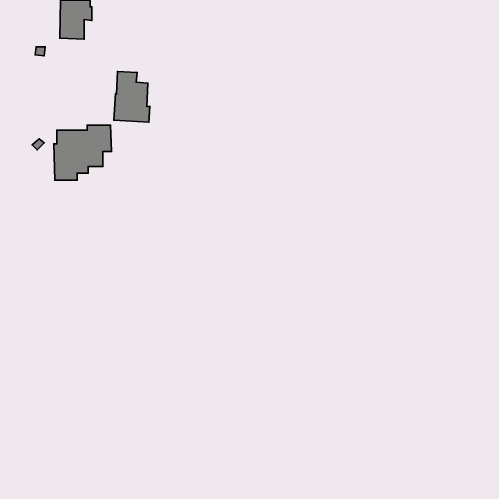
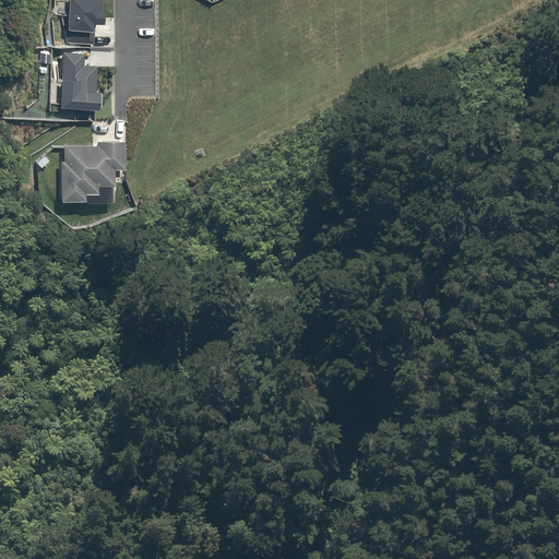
building: [114,71,150,122] -> [59,52,99,109]

